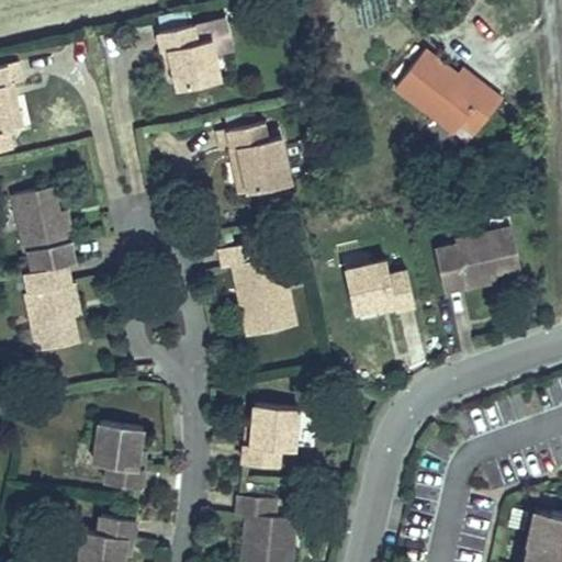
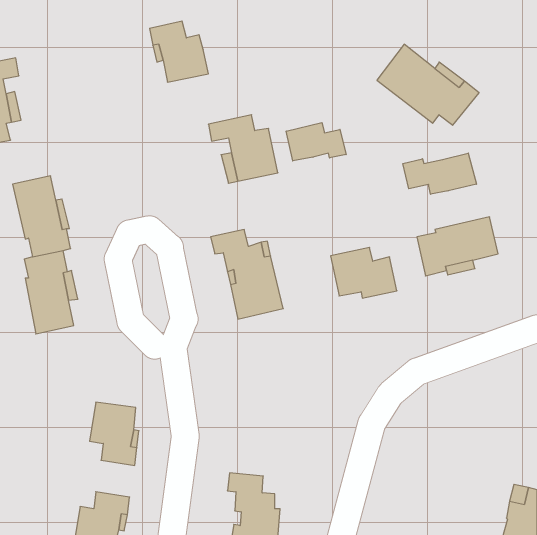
building: [190,18,233,55] -> none
building: none -> [286,123,346,161]
building: none -> [403,153,476,194]
building: [243,405,297,467] -> none

